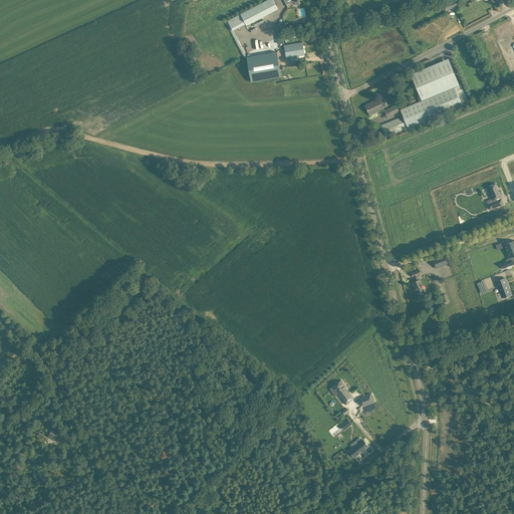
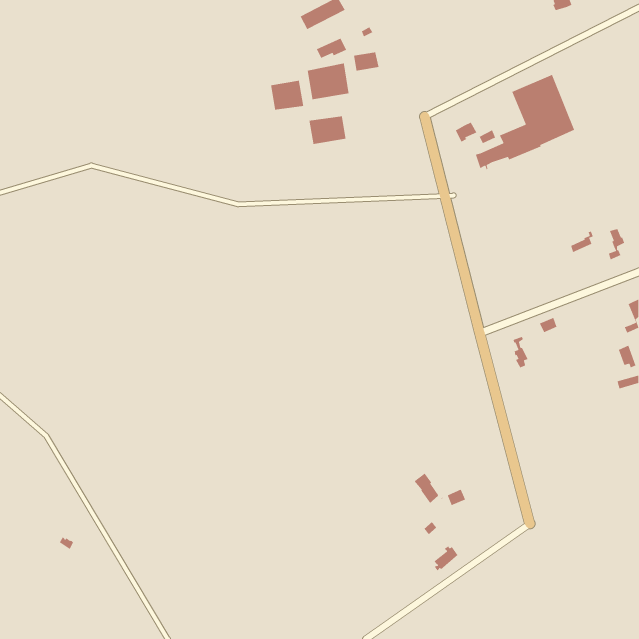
building: none -> [270,80,304,110]
building: none -> [309,116,347,145]

